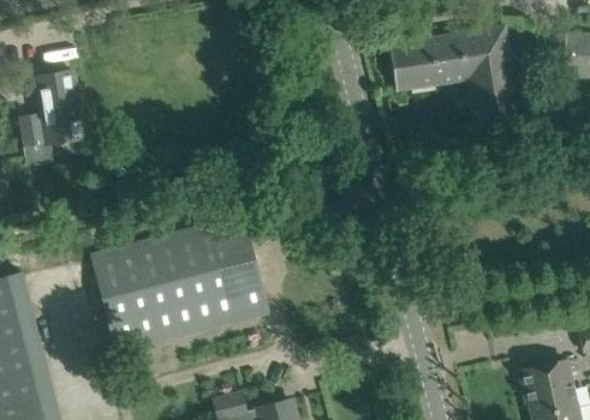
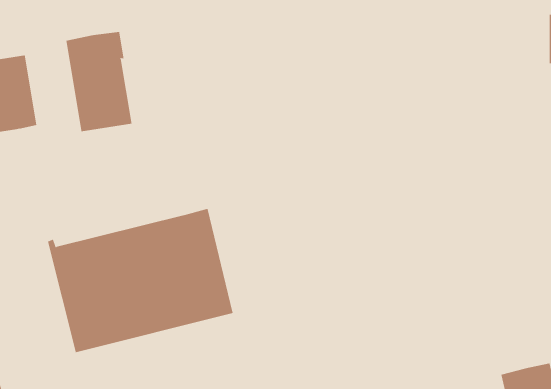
building: [388,26,520,127] -> none
building: none -> [66,31,132,132]

